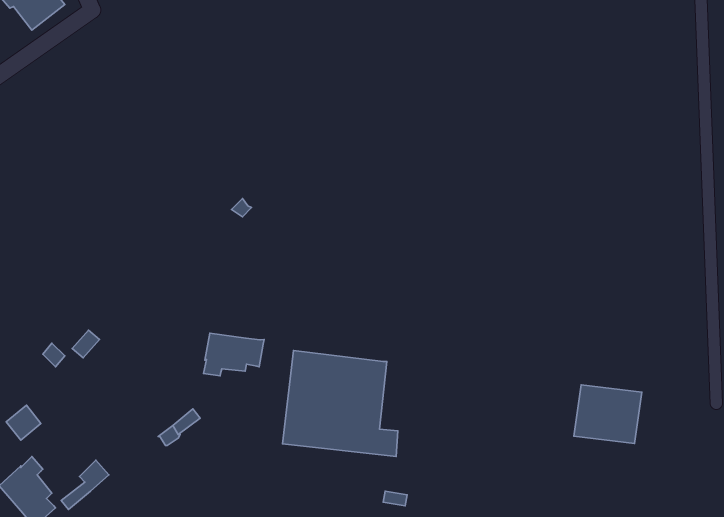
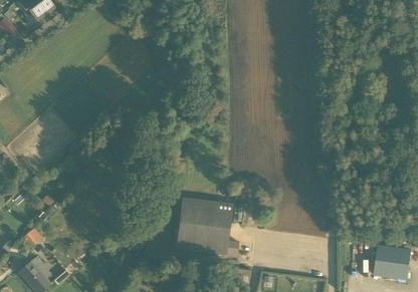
building: [203,333,264,376] -> none
building: [574,385,642,443] -> [375,247,412,279]

